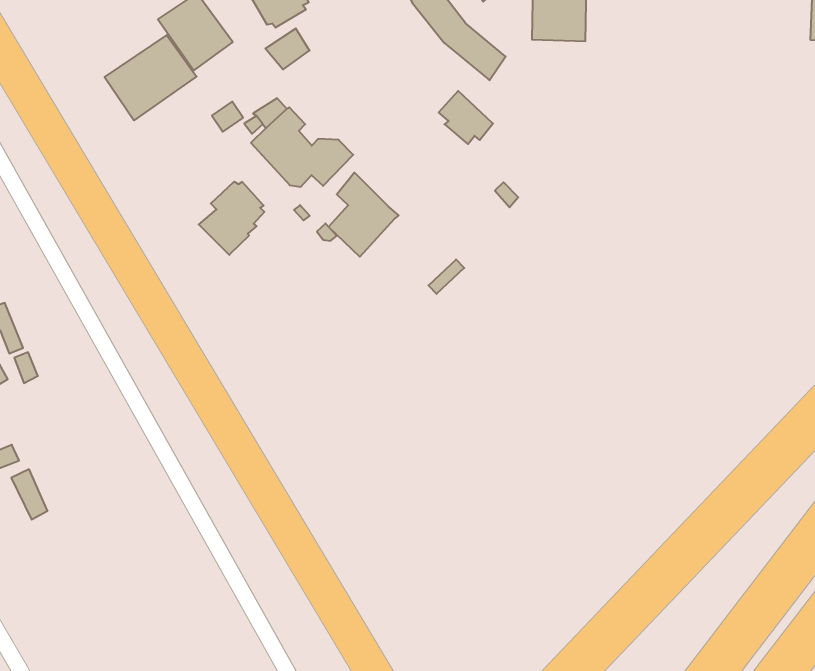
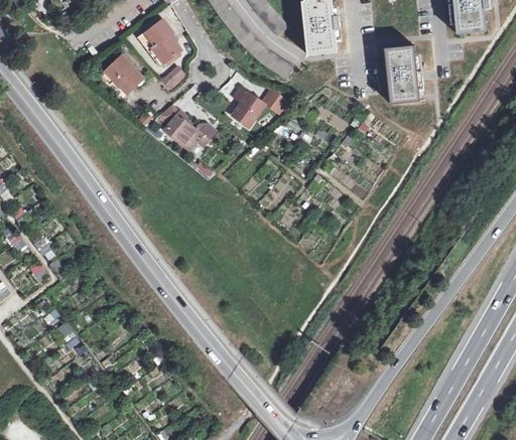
building: [105,35,197,120] -> none
building: none -> [385,44,418,103]
building: [329,173,399,257] -> [230,84,267,129]
building: [199,182,264,255] -> none

